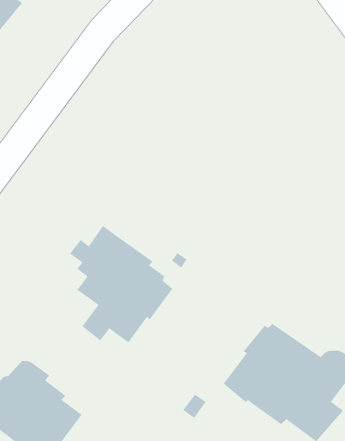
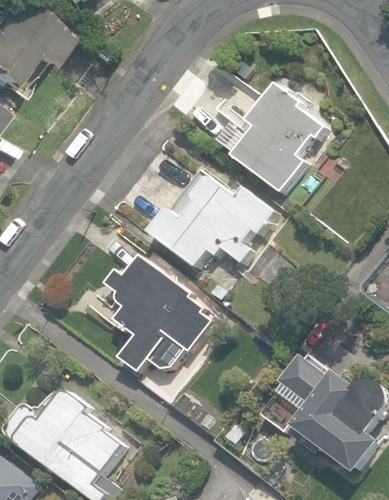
building: none -> [232,82,325,193]
building: none -> [146,174,274,266]

